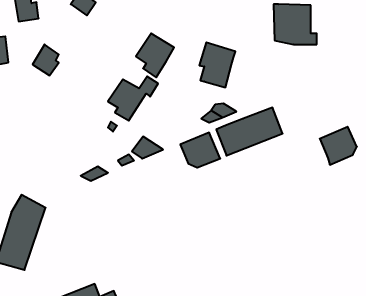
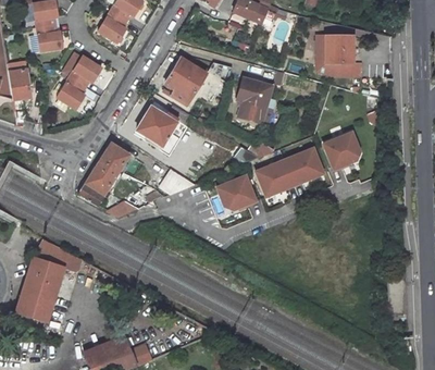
building: none -> [67,57,100,87]
building: none -> [77,149,132,213]
building: [320,127,357,165] -> [322,128,362,170]

